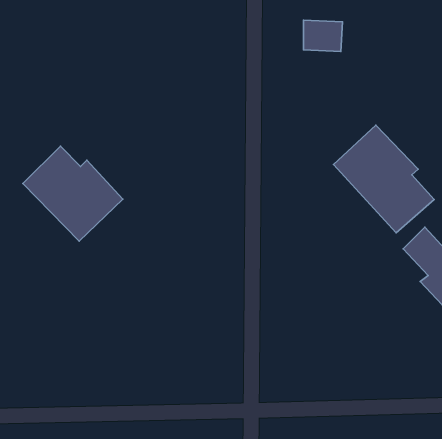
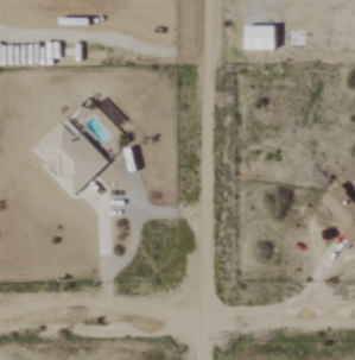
building: [333,125,434,233] -> none

